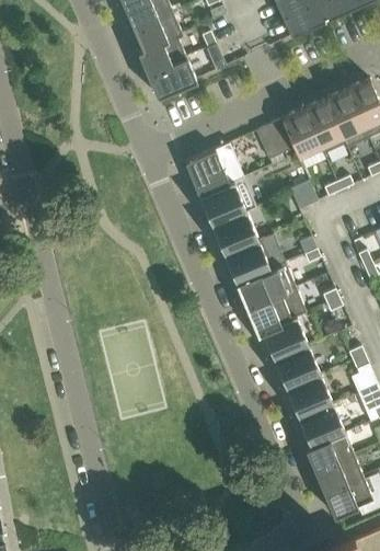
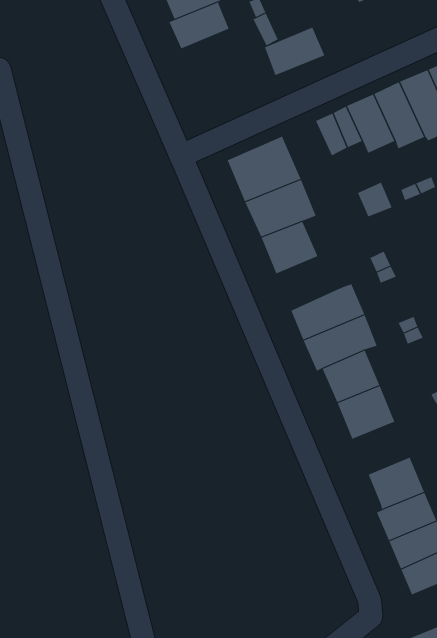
building: [147,56,196,95] -> [264,27,325,76]
building: [223,233,285,284] -> none
building: [285,374,332,416] -> none

